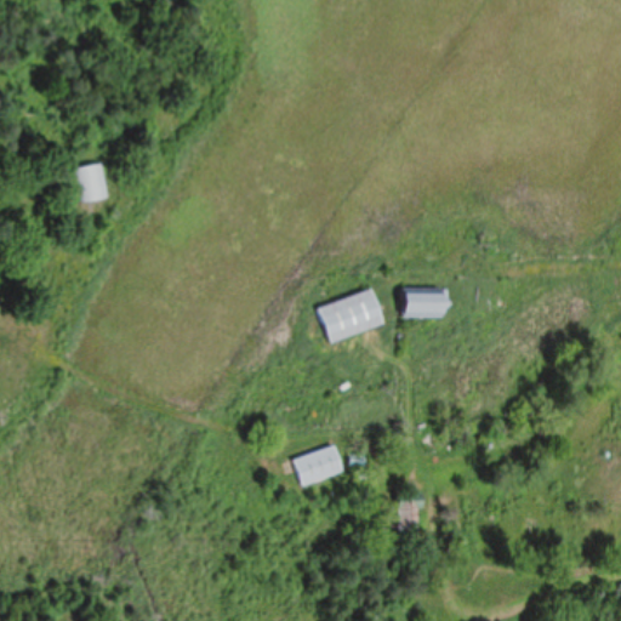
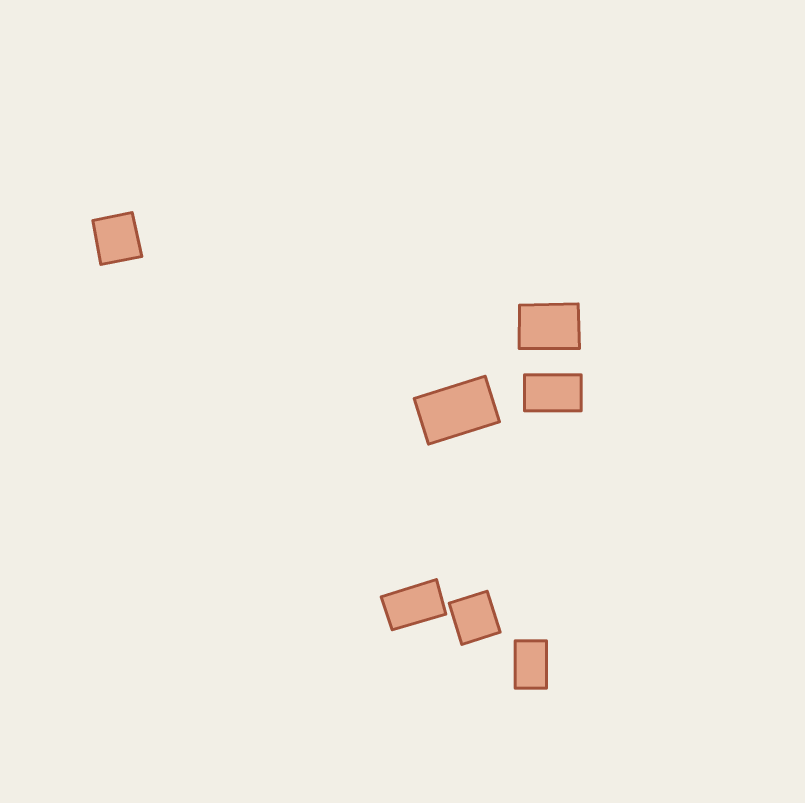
building: none -> [519,304,579,349]
building: none -> [449,591,500,644]

